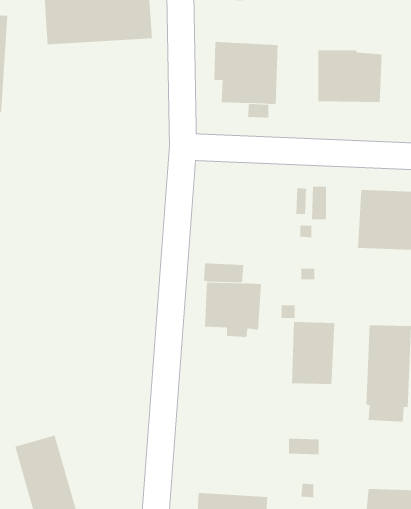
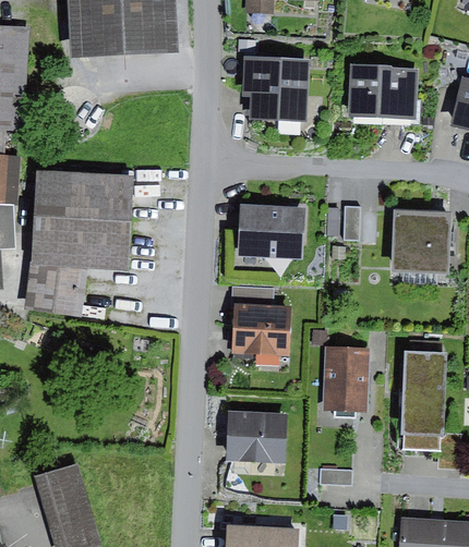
building: none -> [25,170,134,318]
building: none -> [238,205,305,259]
building: none -> [226,411,288,464]

